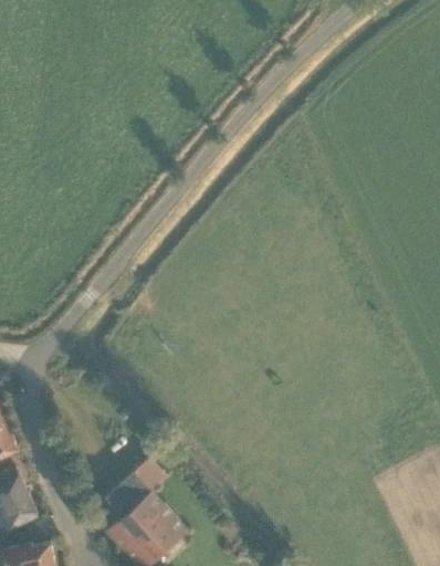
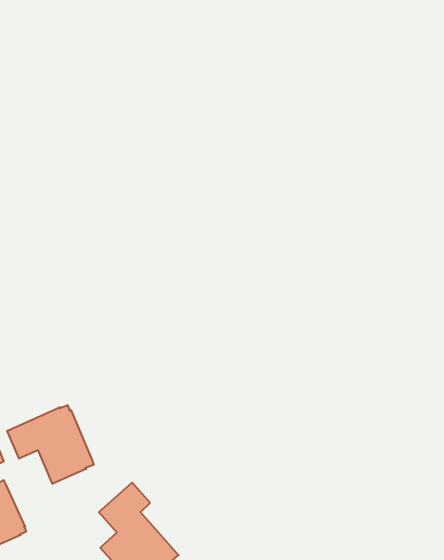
building: none -> [7,405,94,484]

